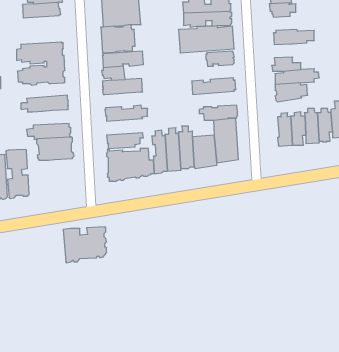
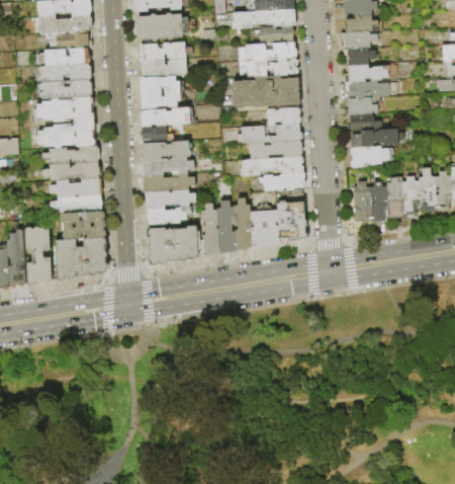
building: none -> [39,63,93,98]
building: none -> [344,64,387,82]
building: none -> [347,97,377,114]
building: none -> [241,123,301,143]
building: none -> [41,145,99,164]
building: none -> [239,155,303,176]
building: none -> [144,156,194,175]
building: none -> [49,177,102,196]
building: none -> [145,188,196,209]
building: [63,227,107,263] -> [55,237,107,280]

